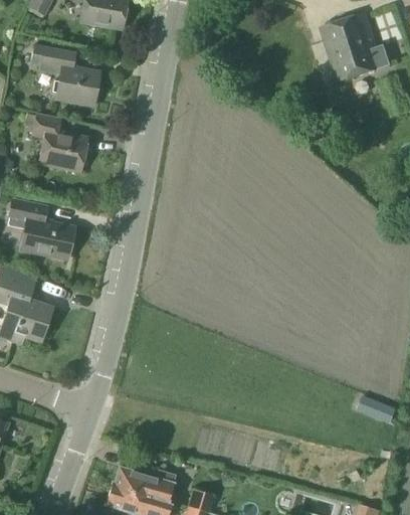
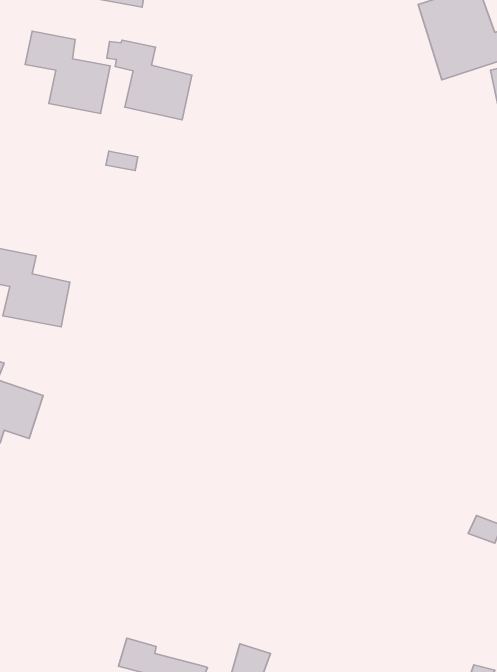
building: [25,114,86,171] -> [107,40,192,120]
building: [112,464,176,504] -> none

